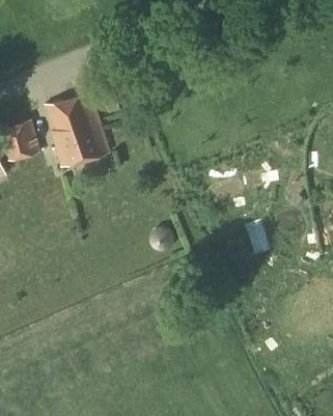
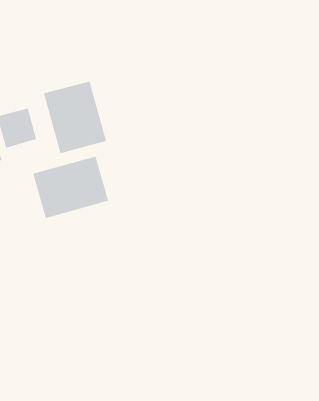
building: none -> [32,156,109,219]

